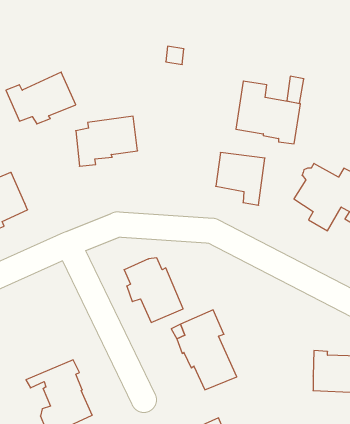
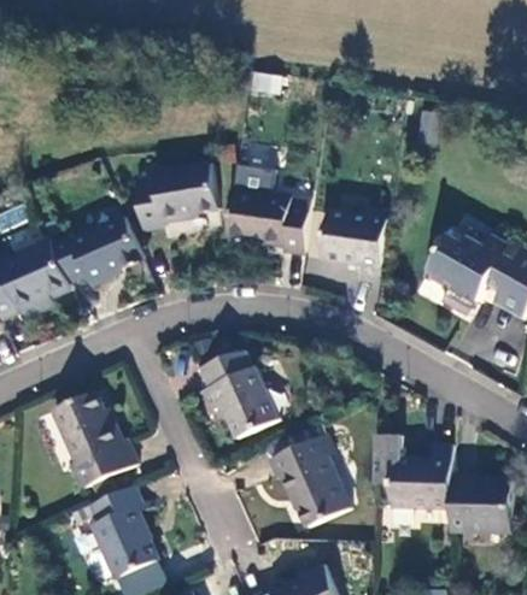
building: [6,72,76,124] -> [51,214,144,283]
building: [236,81,300,144] -> [227,169,312,252]
building: none -> [51,393,134,489]
building: none -> [373,436,452,508]

